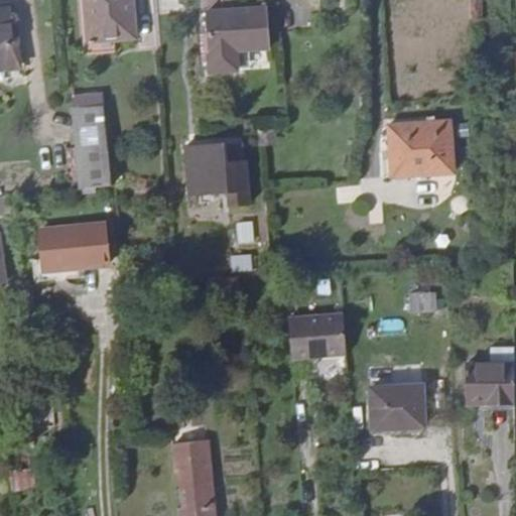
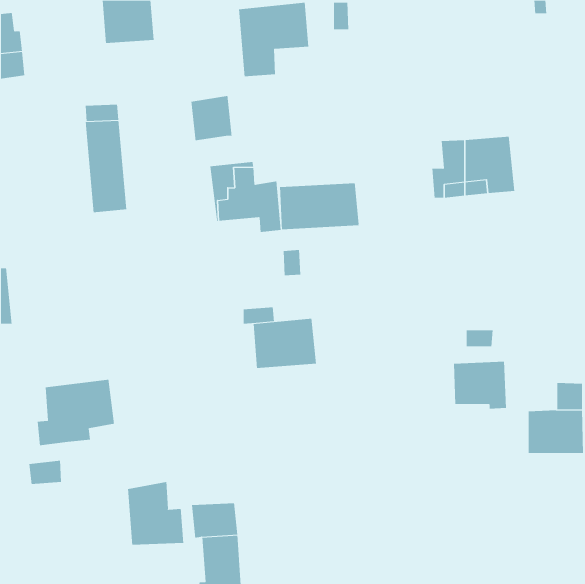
building: none -> [191,95,232,141]
building: none -> [280,182,359,230]
building: [39,220,108,278] -> [37,379,115,446]
building: [285,312,342,357] -> [253,318,317,369]
building: [368,381,415,423] -> [453,361,507,409]
building: none -> [127,481,184,546]

